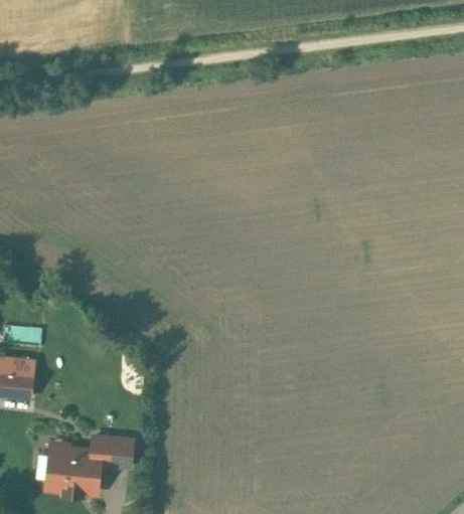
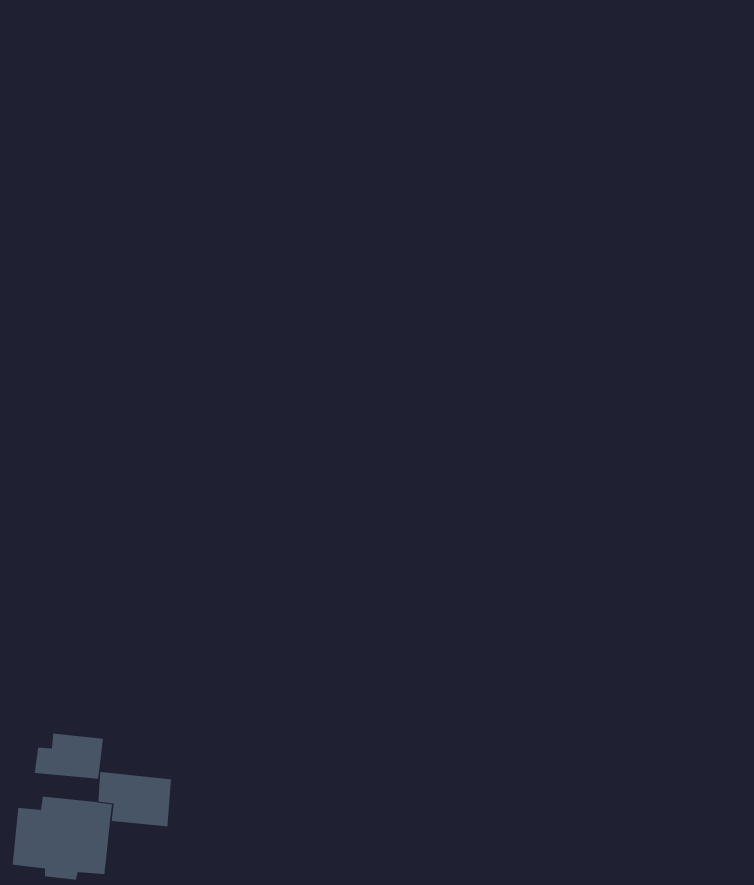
building: none -> [34,733,103,780]

